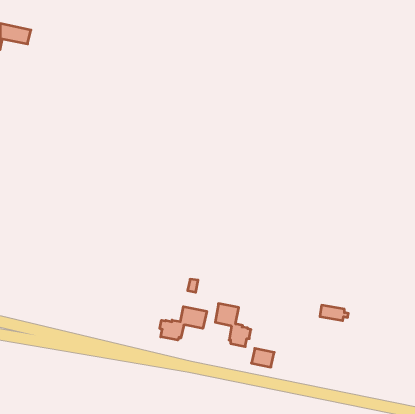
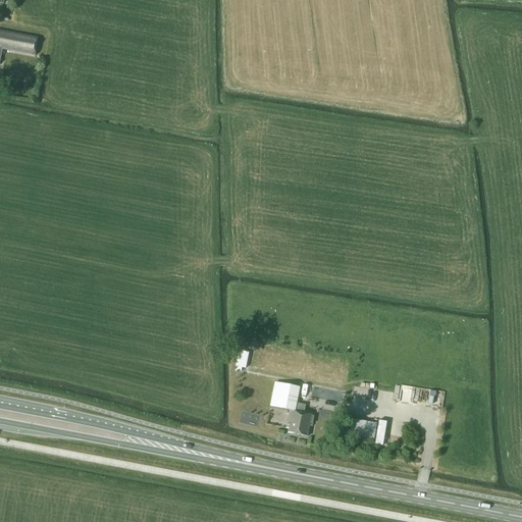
building: [160,307,207,340] -> none
building: [251,348,274,367] -> [353,416,381,439]

